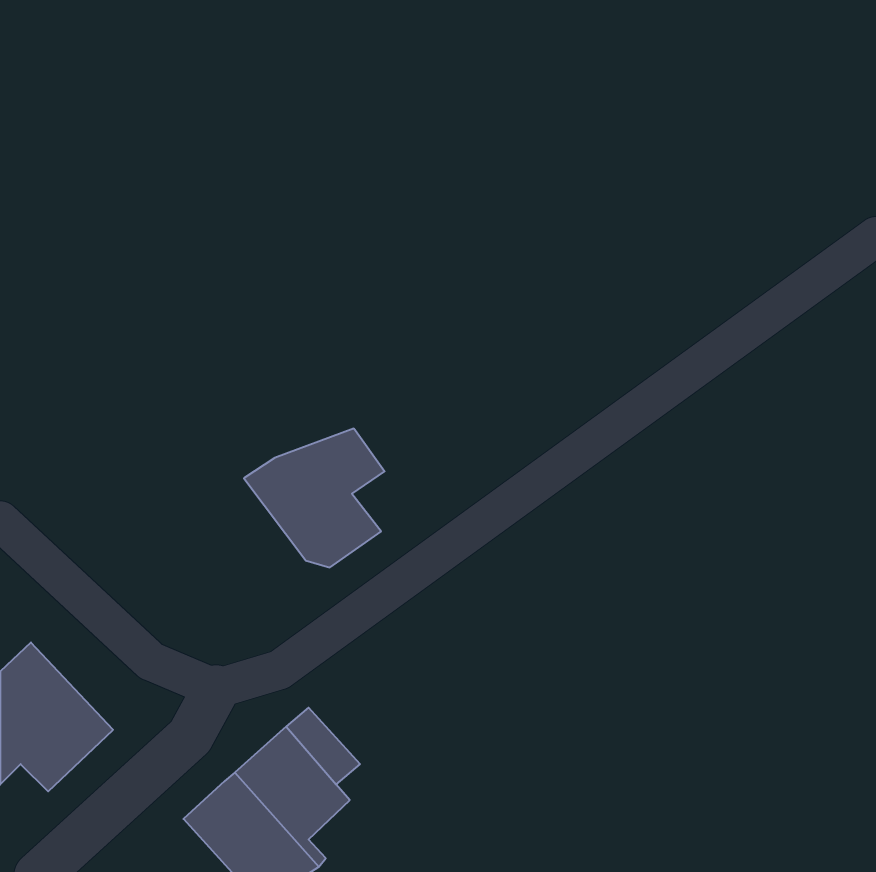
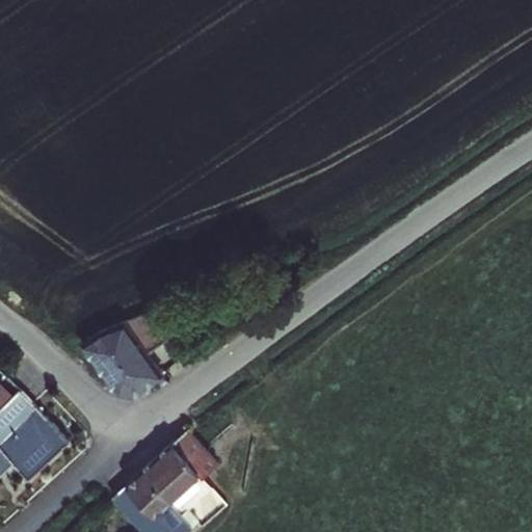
building: [244,429,385,567] -> [80,314,165,398]

